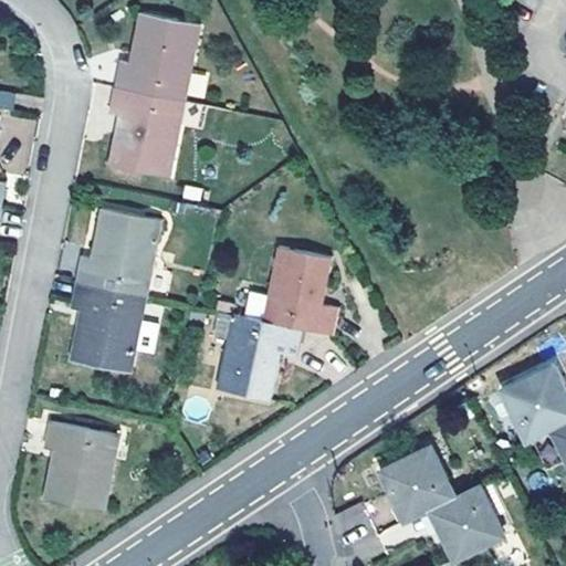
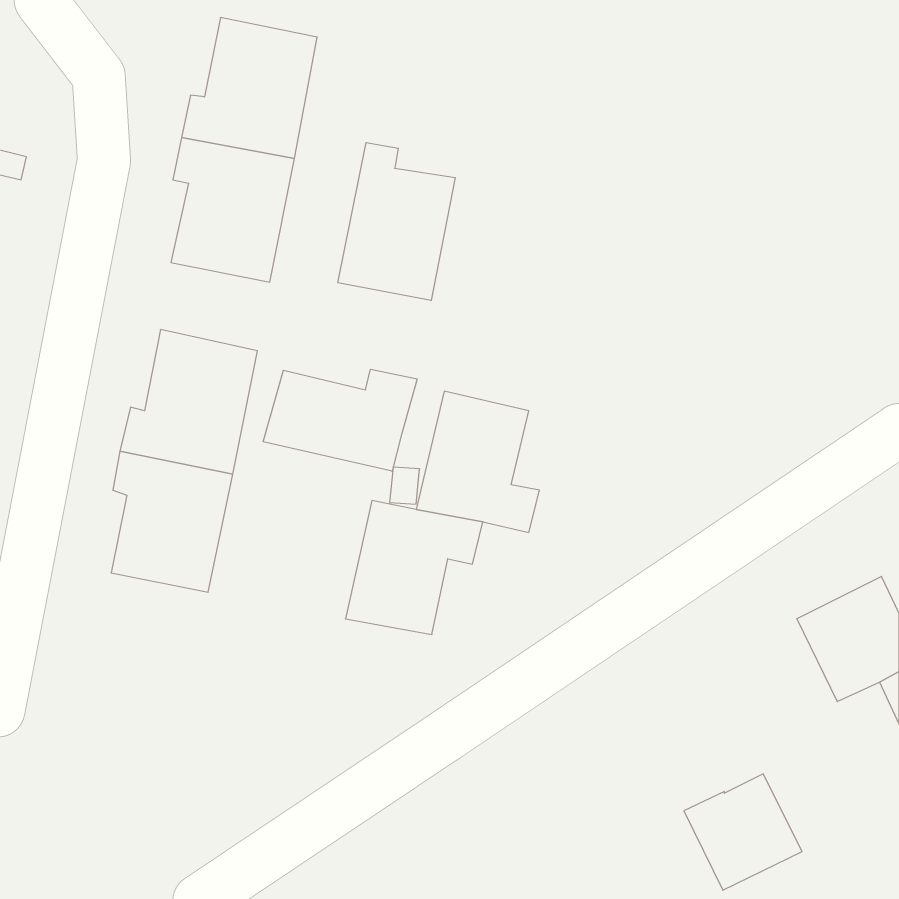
building: none -> [338,143,455,301]
building: none -> [263,369,417,471]
building: [43,421,119,511] -> none
building: [380,447,454,522] -> none

